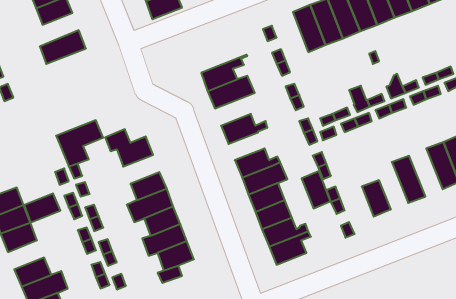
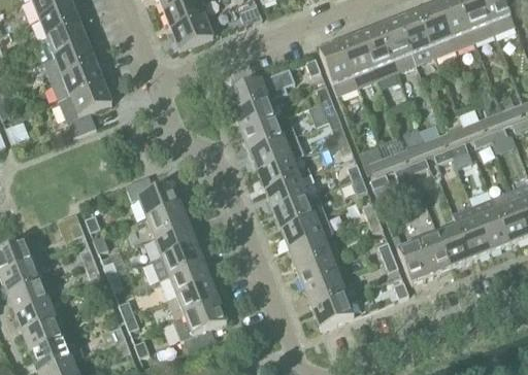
building: none -> [320,42,357,96]
building: none -> [43,43,96,81]
building: none -> [227,67,295,111]
building: none -> [251,134,304,171]
building: [56,120,103,167] -> [59,83,112,136]
building: none -> [266,178,307,210]
building: none -> [471,197,509,251]
building: none -> [146,204,188,237]
building: [302,171,331,208] -> [398,240,431,282]
building: none -> [437,225,470,266]
building: [24,193,60,222] -> [15,301,57,334]

